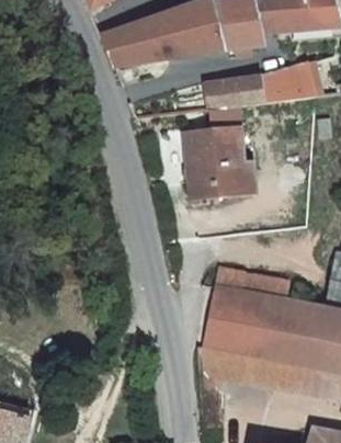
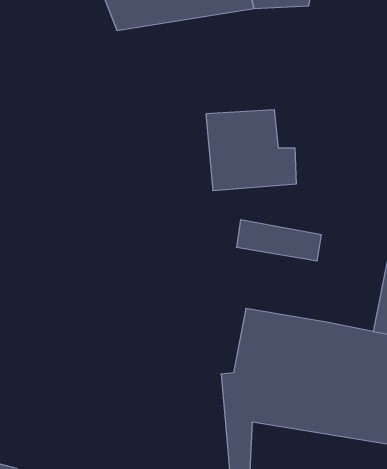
building: [208,66,318,111] -> none
building: [217,266,285,299] -> [236,220,321,261]

